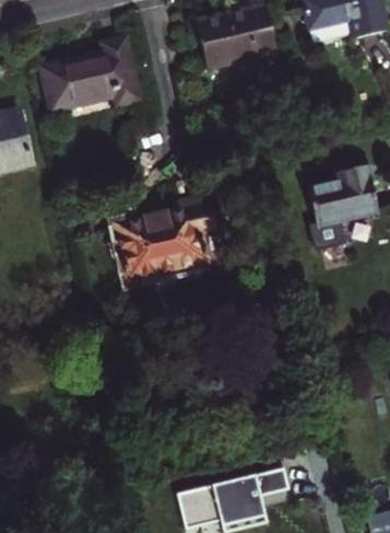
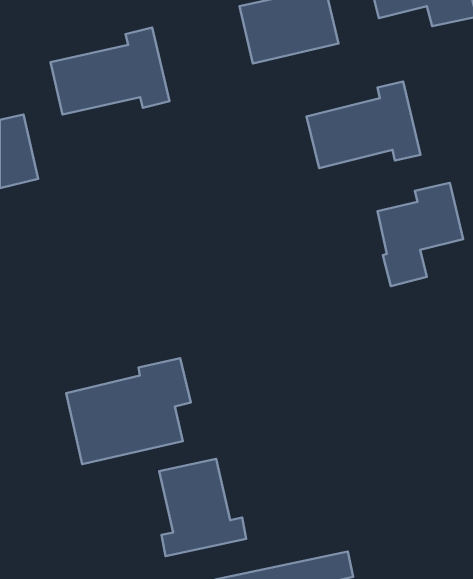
building: none -> [307,82,421,168]
building: [115,196,216,282] -> [66,358,191,464]
building: none -> [159,459,246,556]

